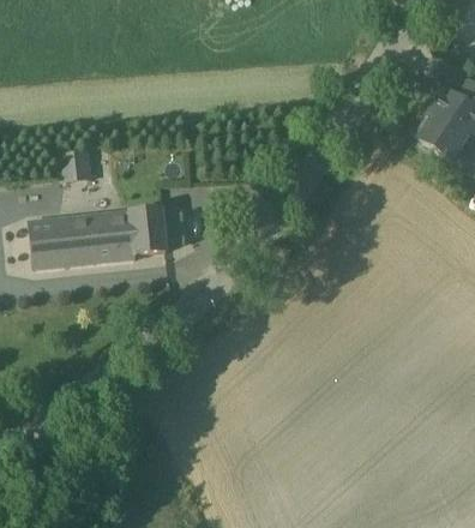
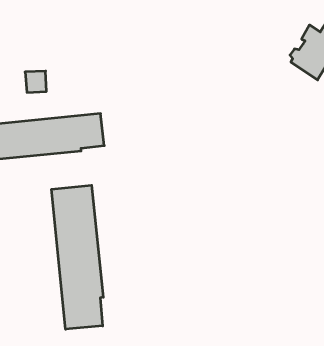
building: none -> [52,185,103,329]

